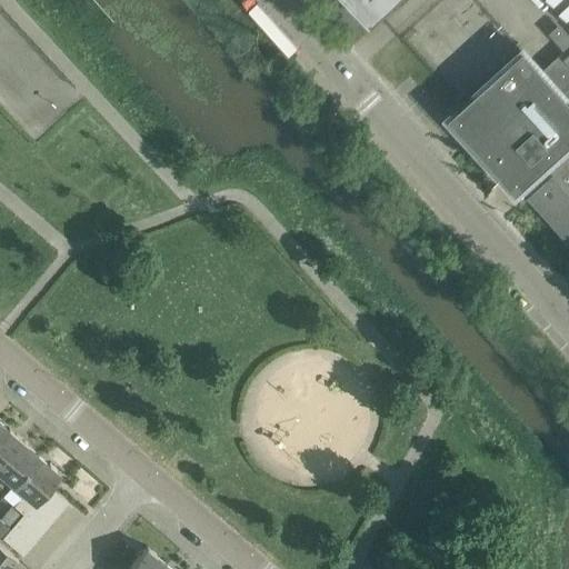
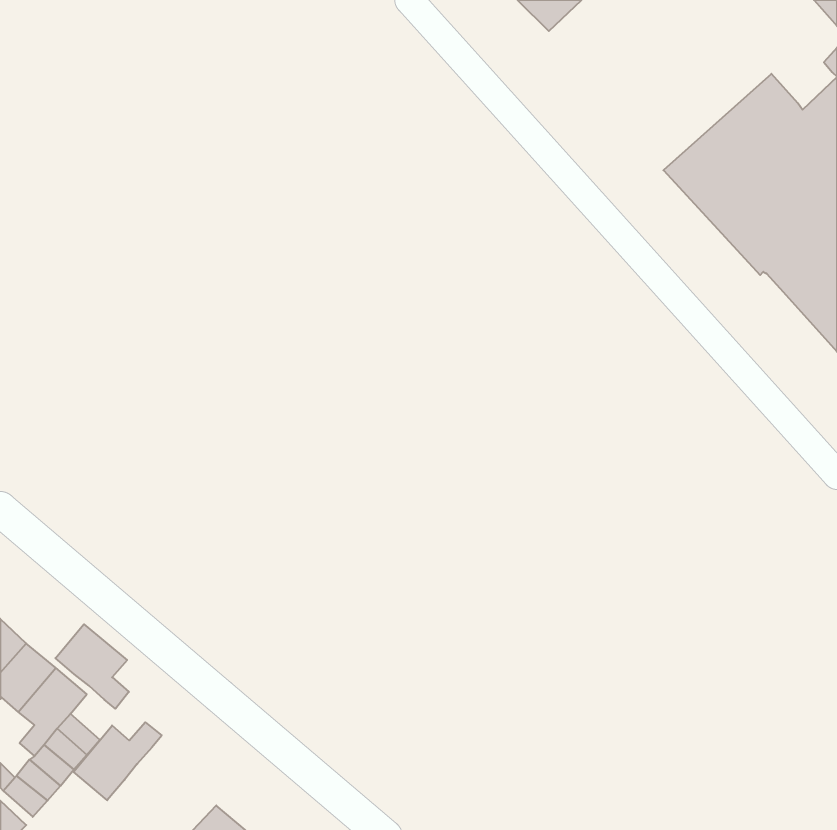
building: none -> [55,624,129,709]
building: none -> [73,722,162,800]

